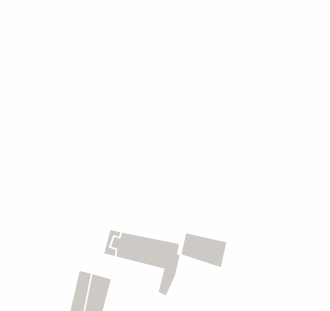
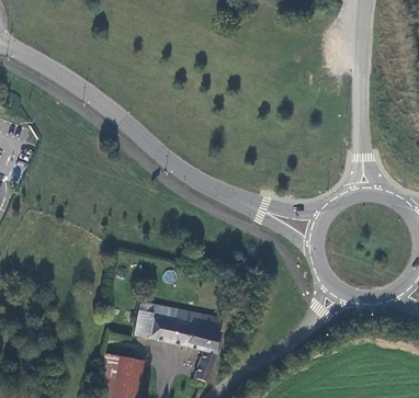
building: [181,232,227,268] -> none

